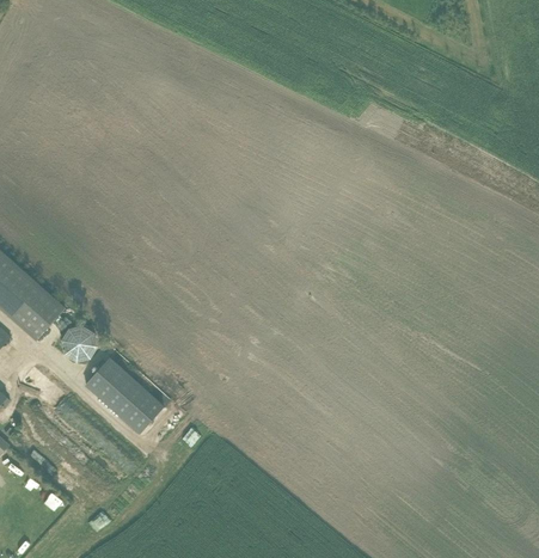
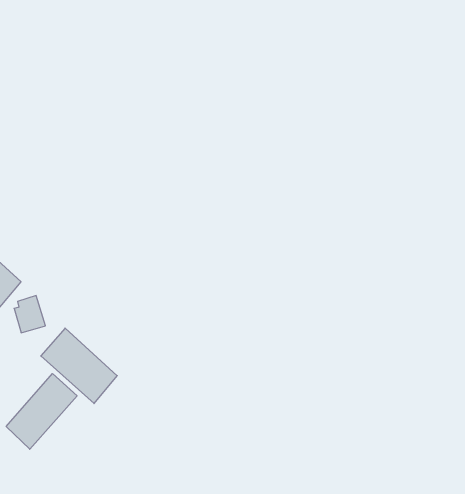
building: none -> [6,374,77,449]

